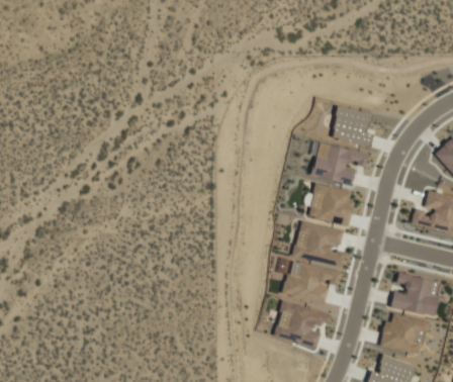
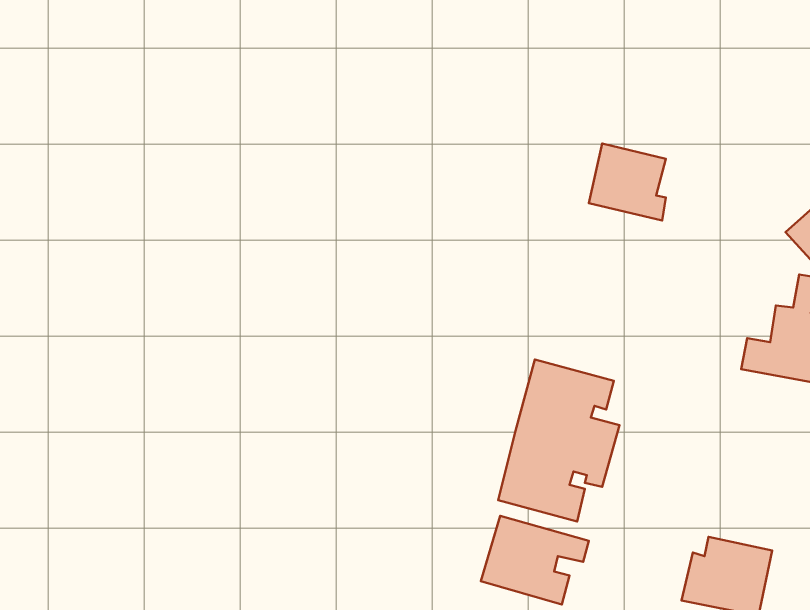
building: [311,141,368,185] -> none
building: [308,184,355,225] -> none
building: [390,273,441,315] -> none

